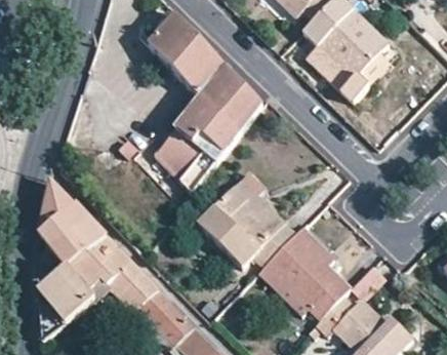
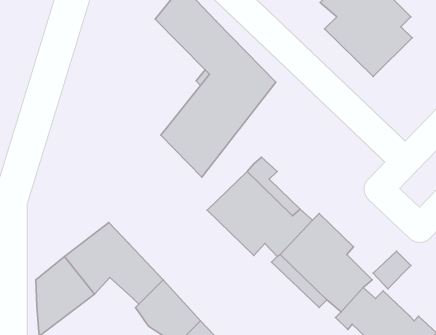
building: [38,181,106,267] -> none

